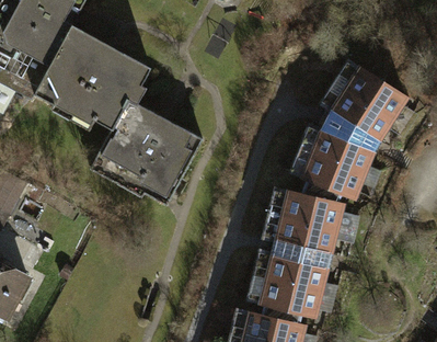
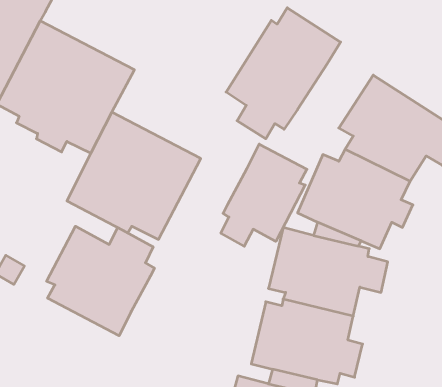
building: none -> [226,8,341,139]
building: none -> [221,144,307,246]
building: none -> [47,226,154,336]

